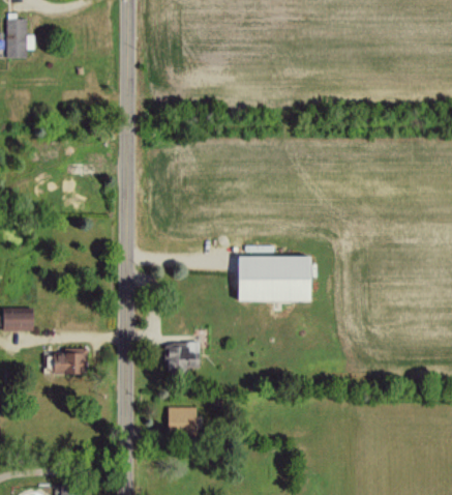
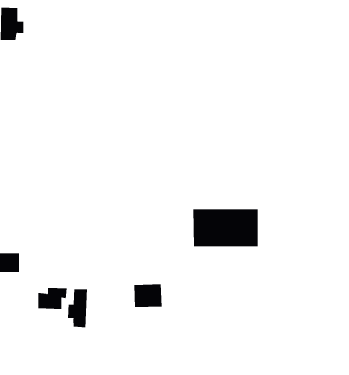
building: none -> [68,288,87,328]
building: [169,407,198,431] -> none

